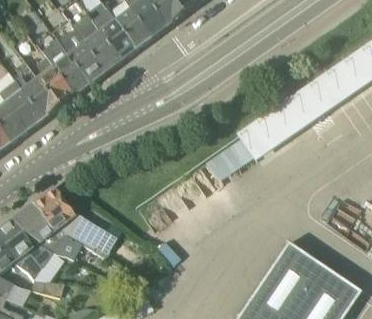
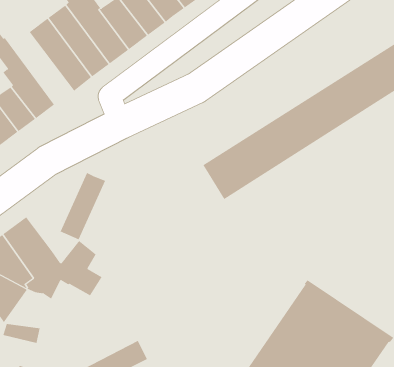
building: [32,30,90,96] -> none
building: none -> [60,172,106,240]

